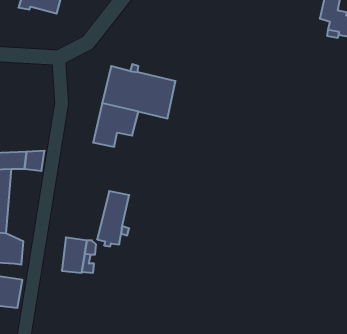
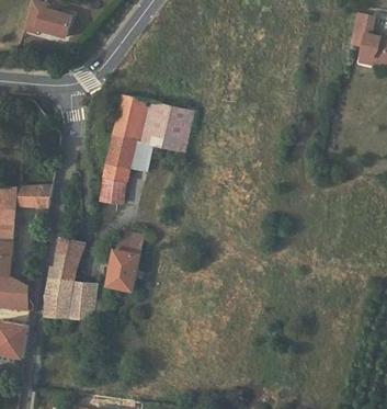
building: none -> [100,178,126,204]
building: none -> [45,237,84,317]

